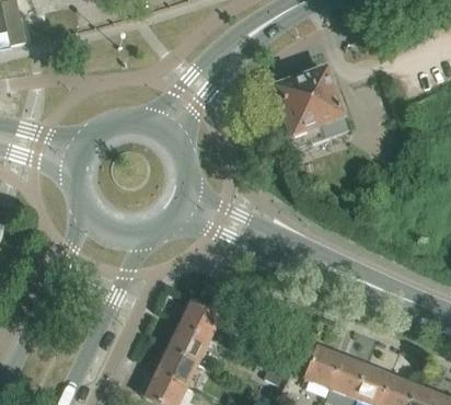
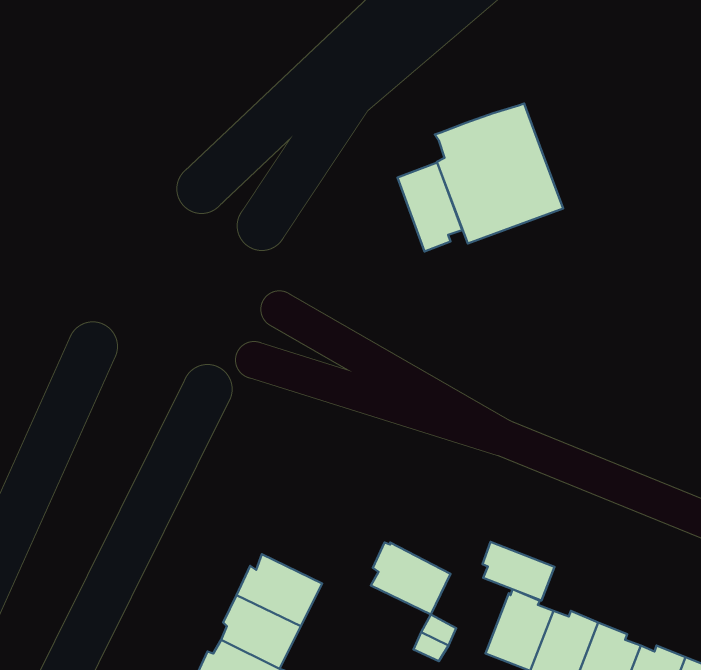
building: none -> [398,163,462,251]
building: [178,299,223,339] -> [371,543,450,615]
building: none -> [482,542,555,601]

